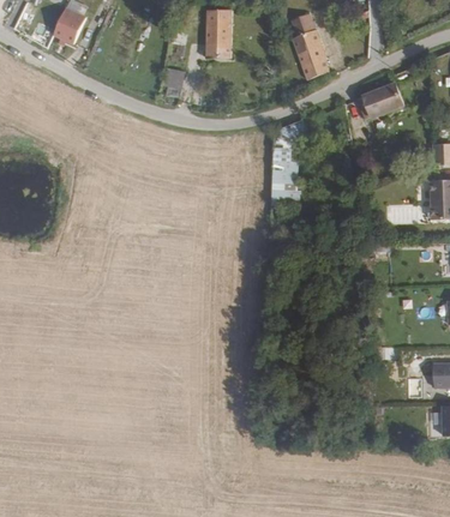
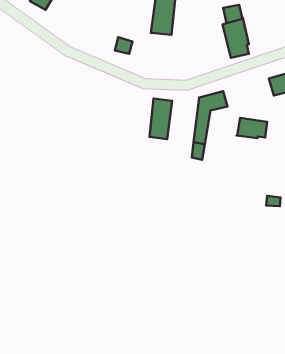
building: none -> [149,99,172,139]
building: none -> [237,118,267,138]

